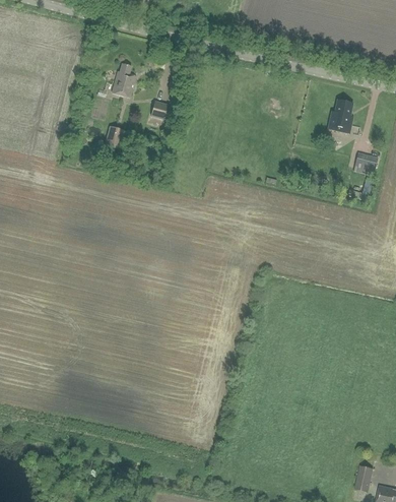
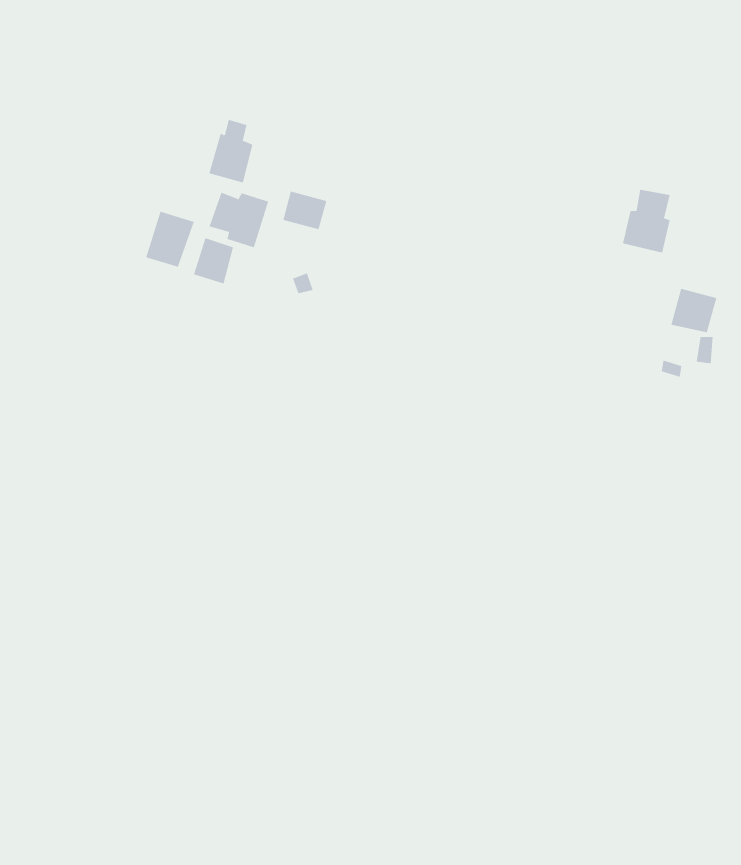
building: none -> [209,192,269,248]
building: none -> [145,211,195,267]

